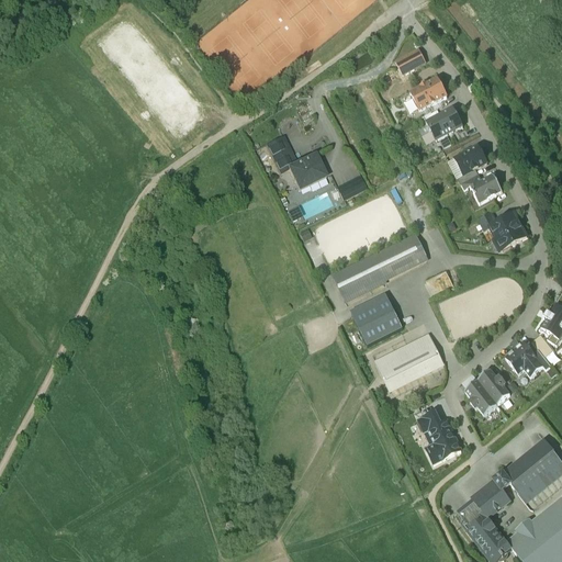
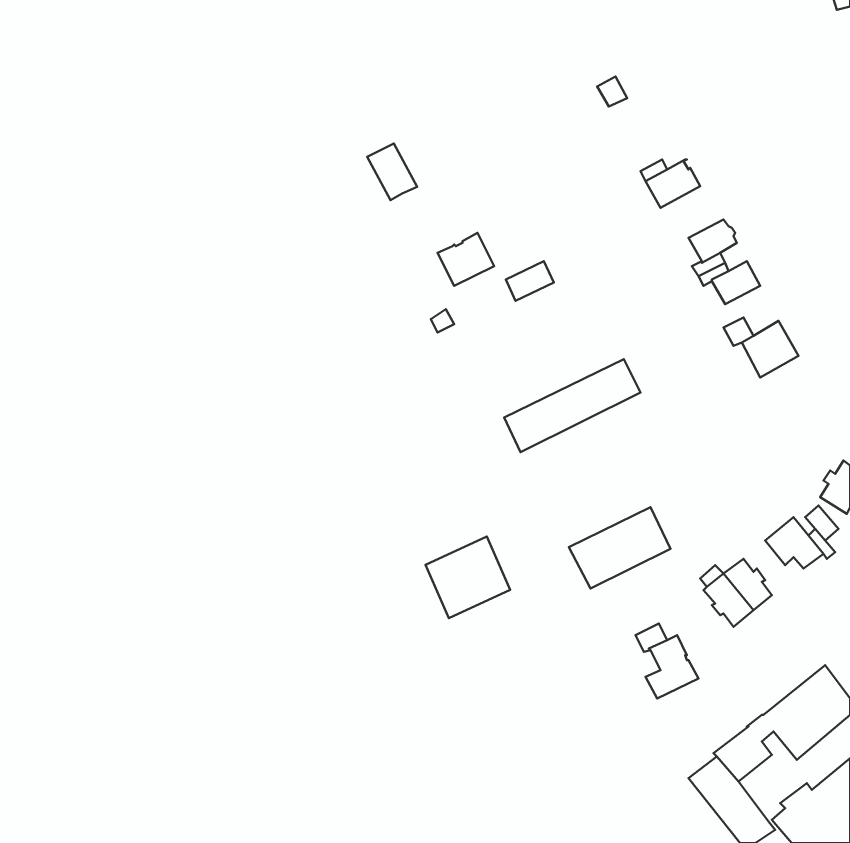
building: [409,75,447,108] -> none
building: [266,134,299,171] -> [367,144,417,200]
building: [345,290,401,344] -> [425,537,510,618]

